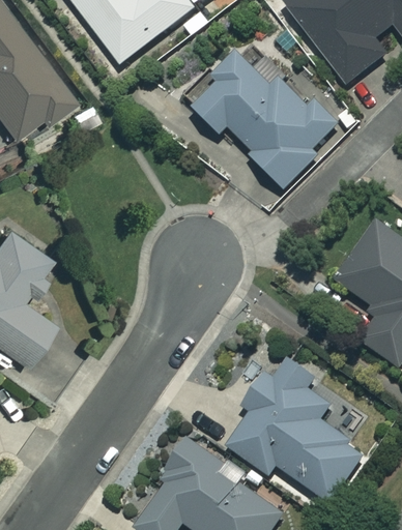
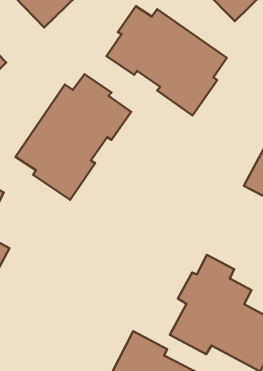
building: none -> [16,74,131,200]

